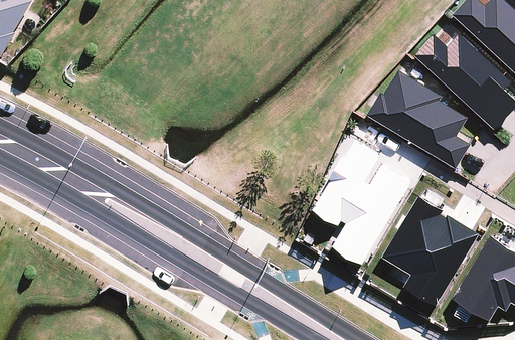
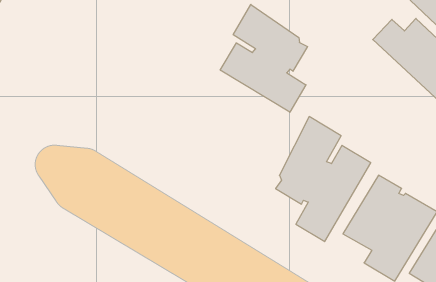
building: none -> [220,4,308,112]
building: [367,70,471,169] -> none

